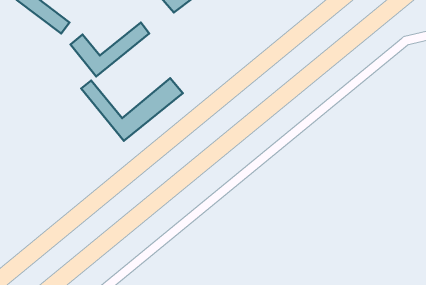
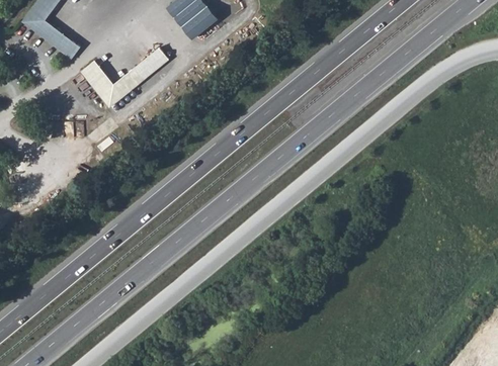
building: [81,78,183,141] -> none

